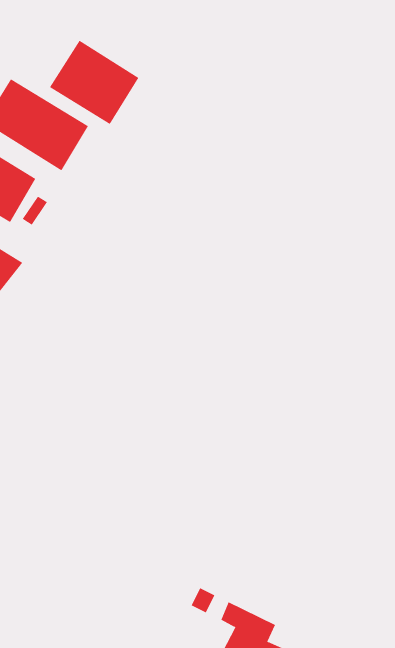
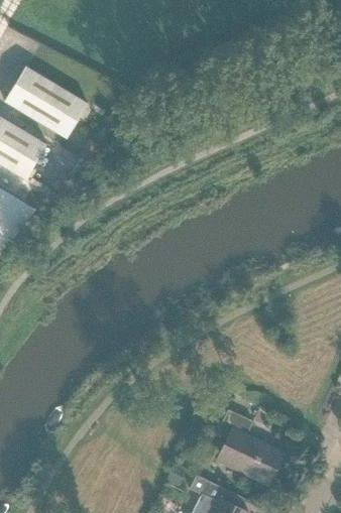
building: [49,40,139,125] -> none
building: none -> [216,409,283,489]

